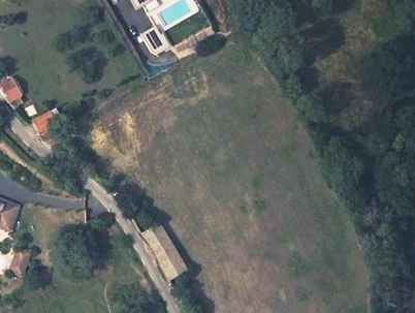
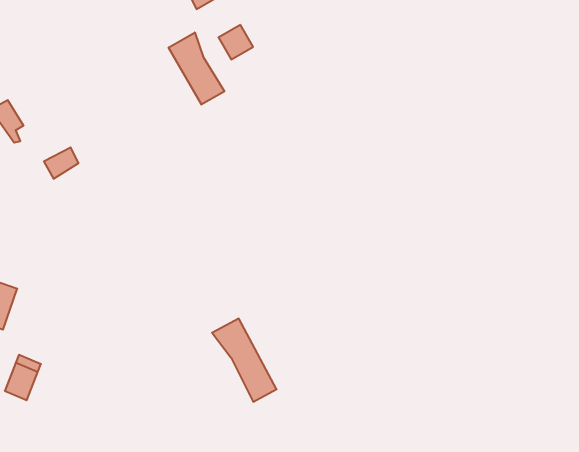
building: none -> [169,32,224,105]

